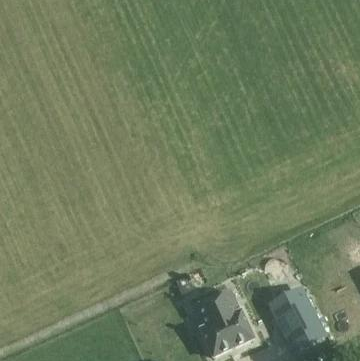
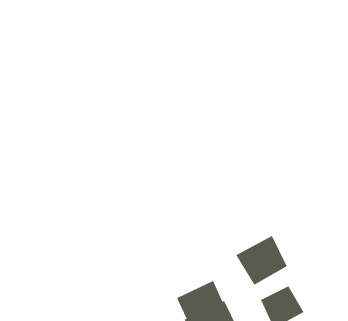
building: none -> [235,235,288,286]

